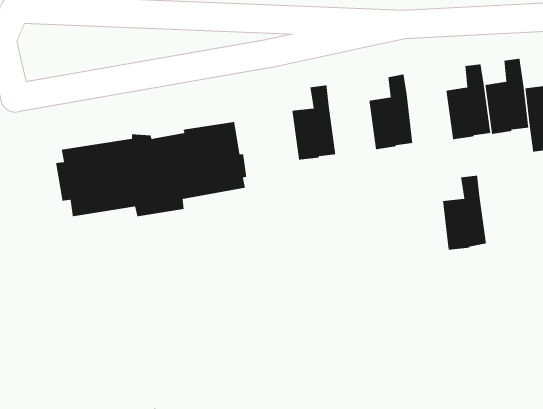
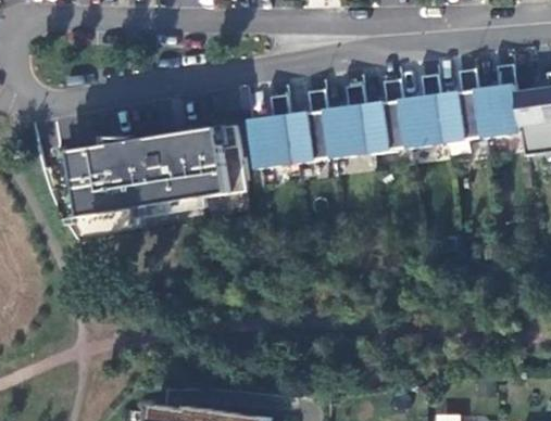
building: none -> [328,84,373,158]
building: none -> [253,94,298,168]
building: [442,175,487,251] -> [404,74,448,148]

